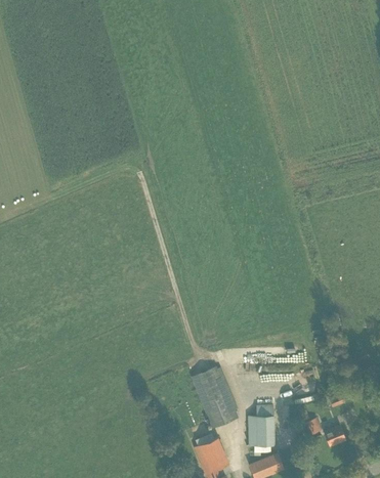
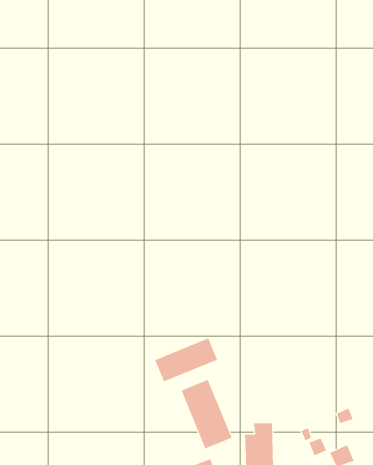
building: none -> [155,338,218,382]

